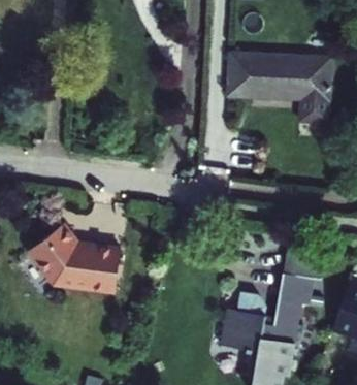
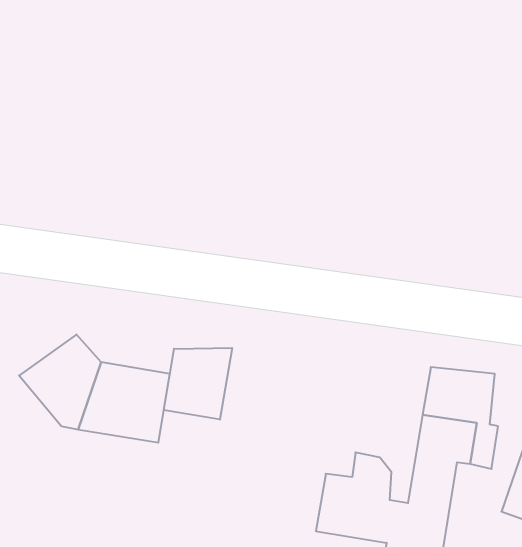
building: [221,56,324,103] -> none
building: none -> [164,348,232,420]

